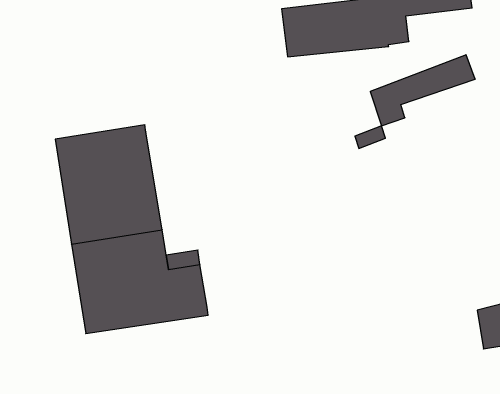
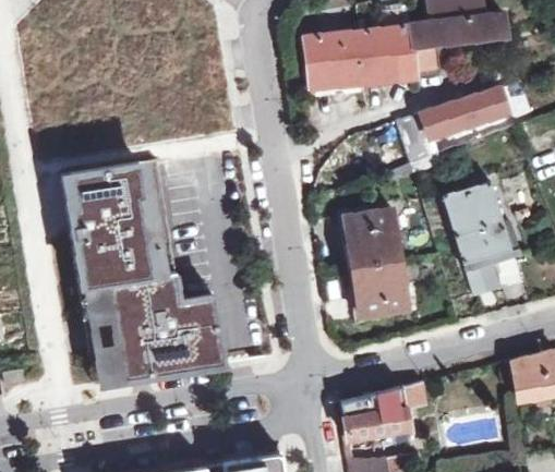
building: none -> [445,182,520,296]
building: none -> [346,209,408,317]
building: none -> [342,382,426,440]

